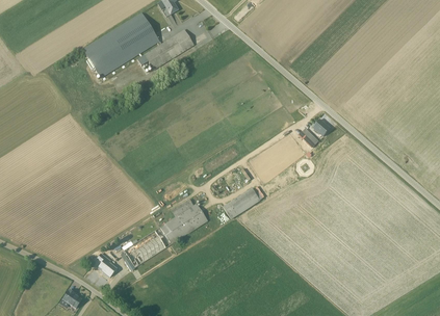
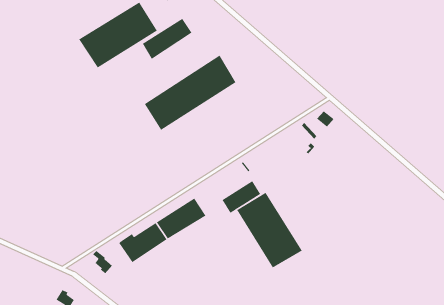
building: none -> [144,54,236,131]
building: none -> [236,192,303,268]

